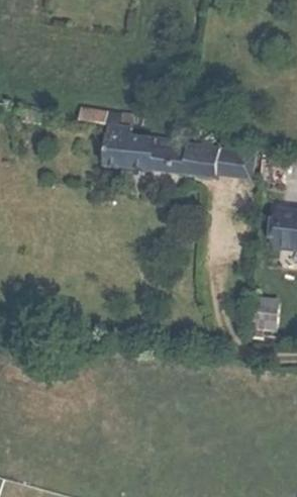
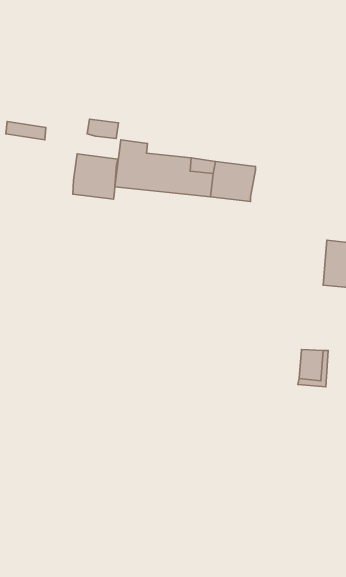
building: none -> [73,154,118,199]
building: [215,150,255,177] -> none

